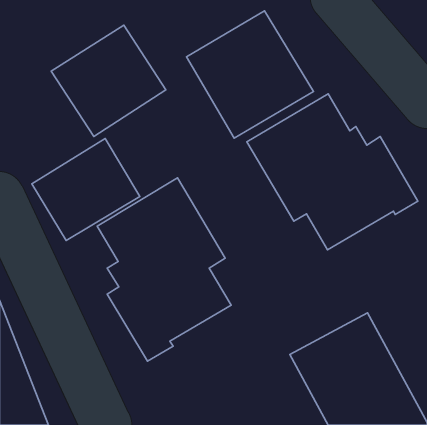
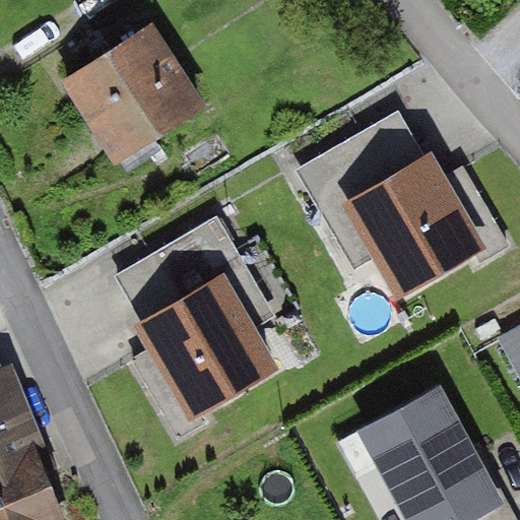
building: [187,11,314,138] -> none
building: [32,139,140,241] -> none

